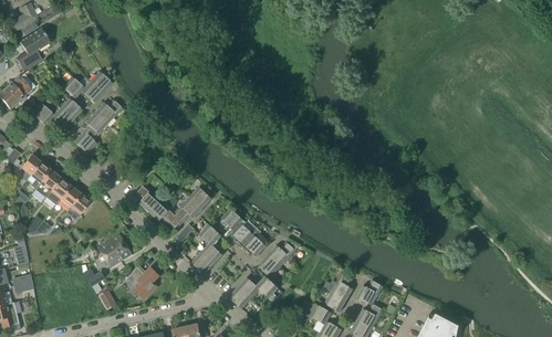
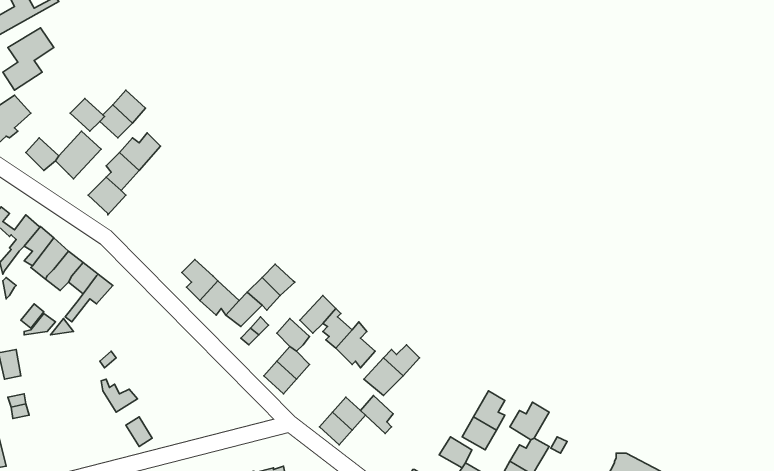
building: [97,233,131,266] -> none
building: [125,266,158,298] -> none

